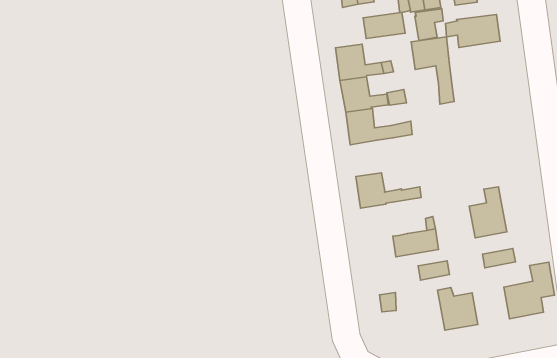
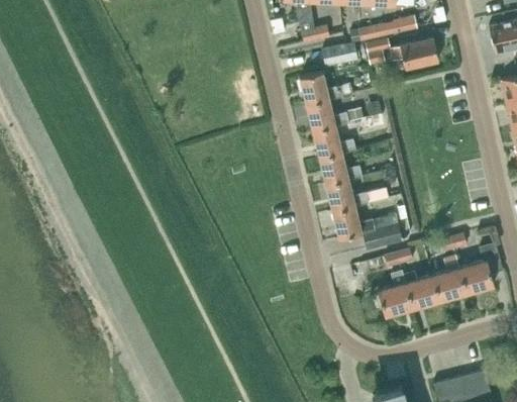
building: [411,37,454,104] -> none
building: none -> [319,152,360,184]
building: [469,187,507,238] -> [432,256,466,300]
building: none -> [332,205,374,237]
building: none -> [378,269,412,315]

